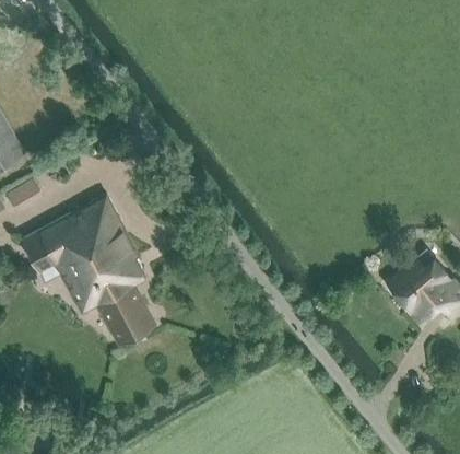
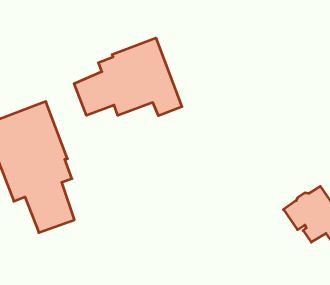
building: none -> [74,38,182,116]

